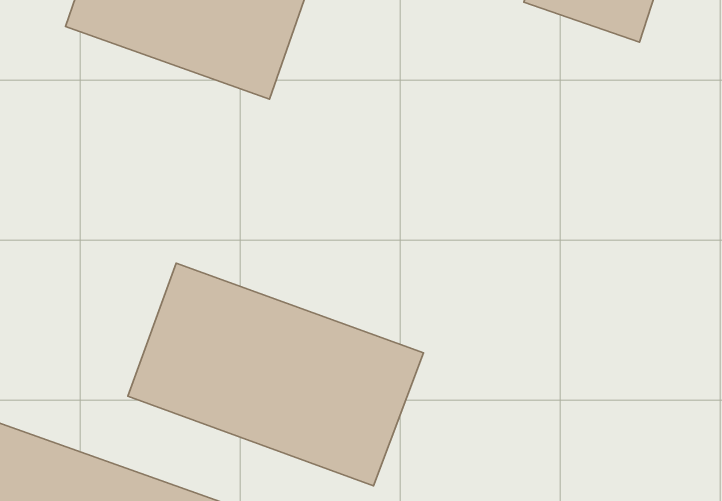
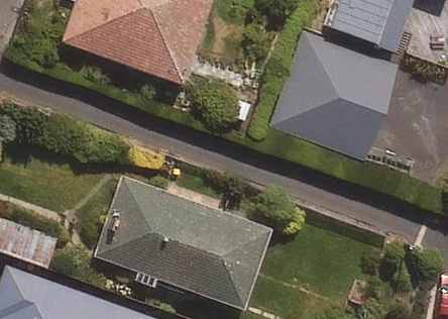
building: none -> [273,33,397,157]

